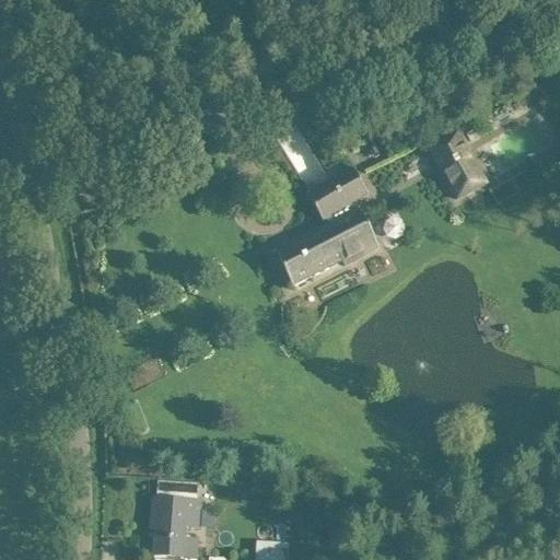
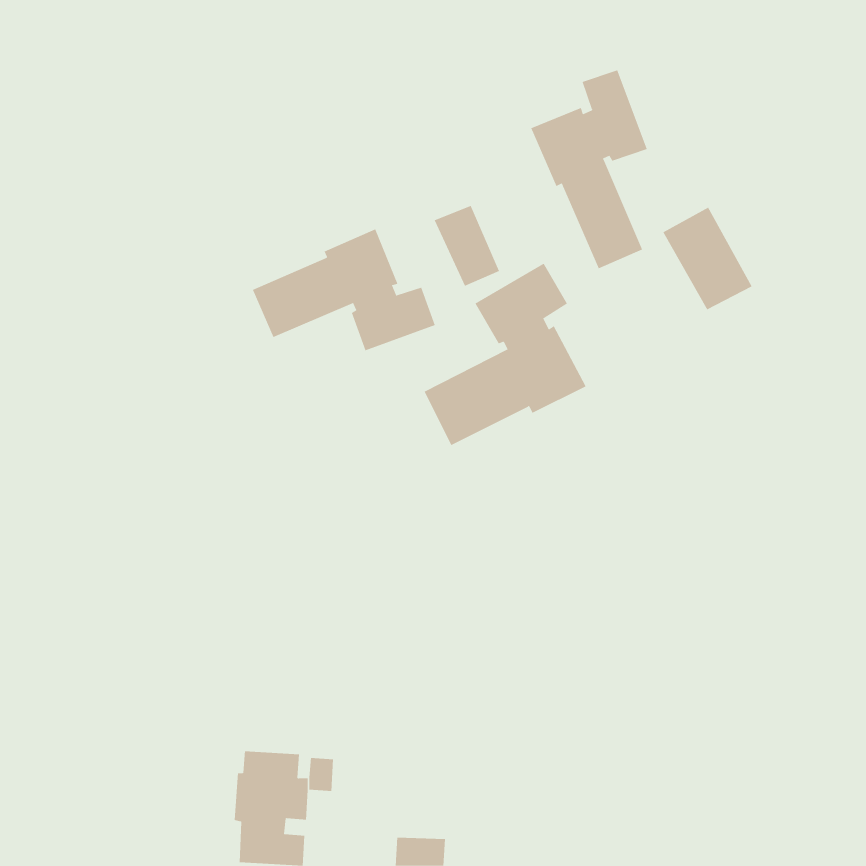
building: none -> [530,70,648,269]
building: none -> [252,229,435,351]

